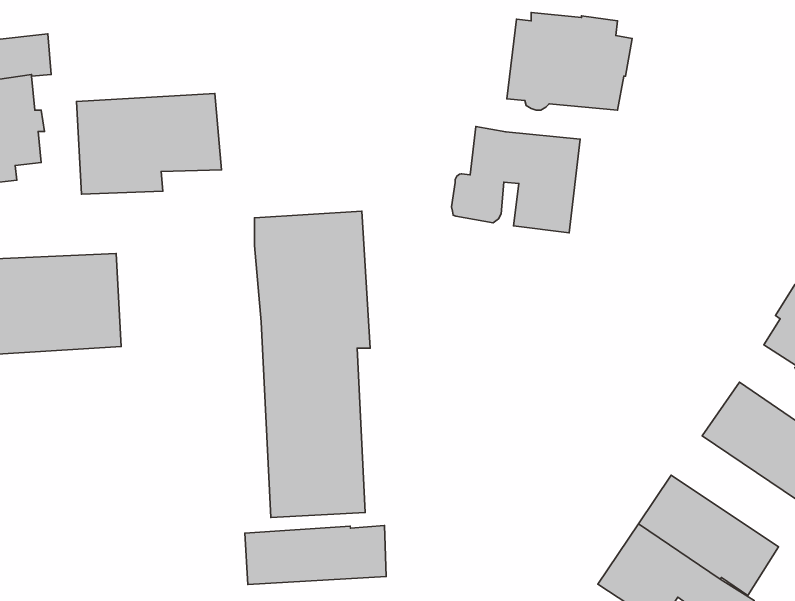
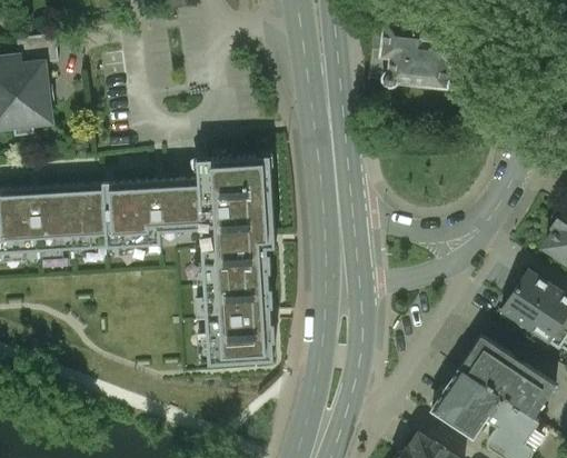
building: [76,93,221,194] -> [101,180,200,249]
building: [452,126,580,233] -> none
building: [245,526,386,585] -> none

